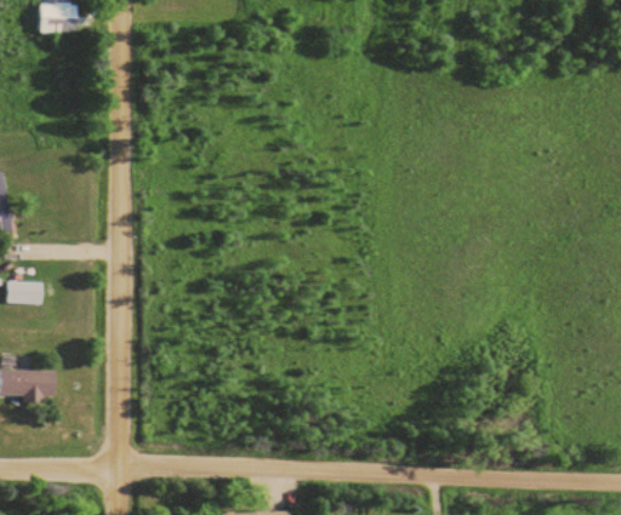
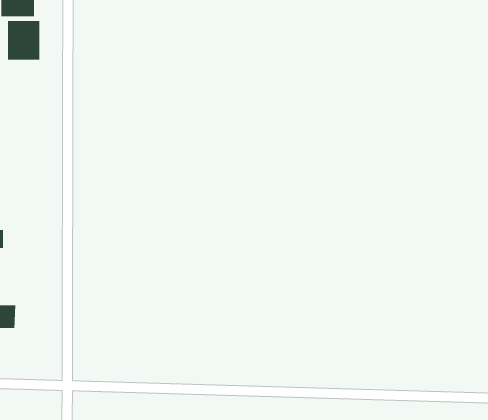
building: none -> [7,20,40,60]

